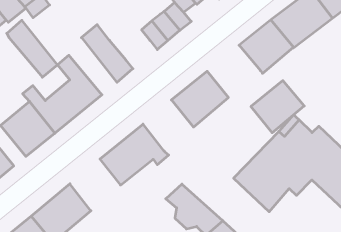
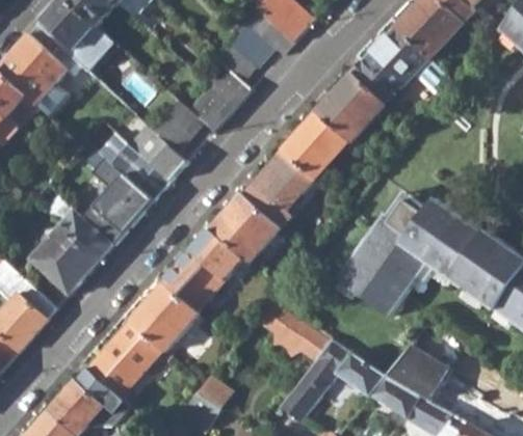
building: [7,20,57,77] -> [97,133,167,201]
building: none -> [150,101,201,153]
building: [251,81,304,133] -> [280,111,347,180]
building: none -> [209,194,279,265]
building: none -> [128,283,197,353]

